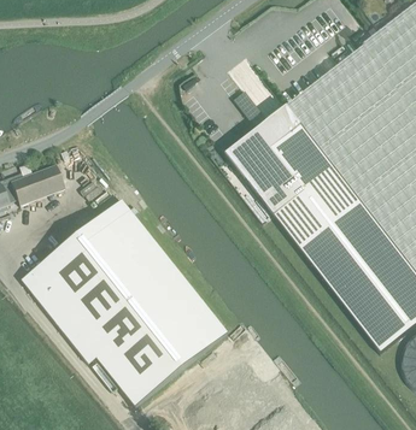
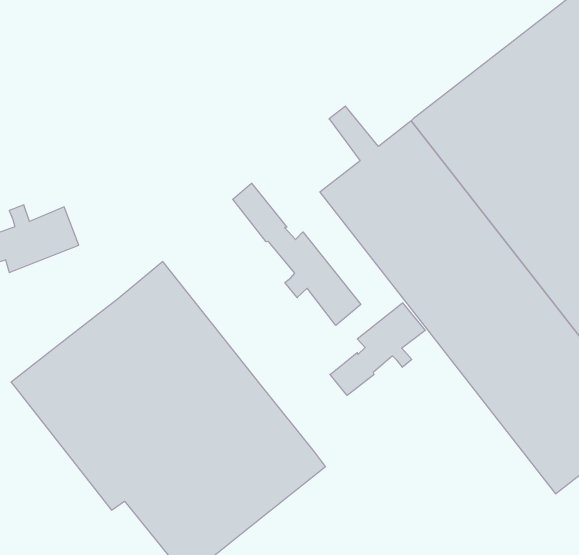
building: none -> [233,183,361,325]
building: none -> [330,303,425,395]

